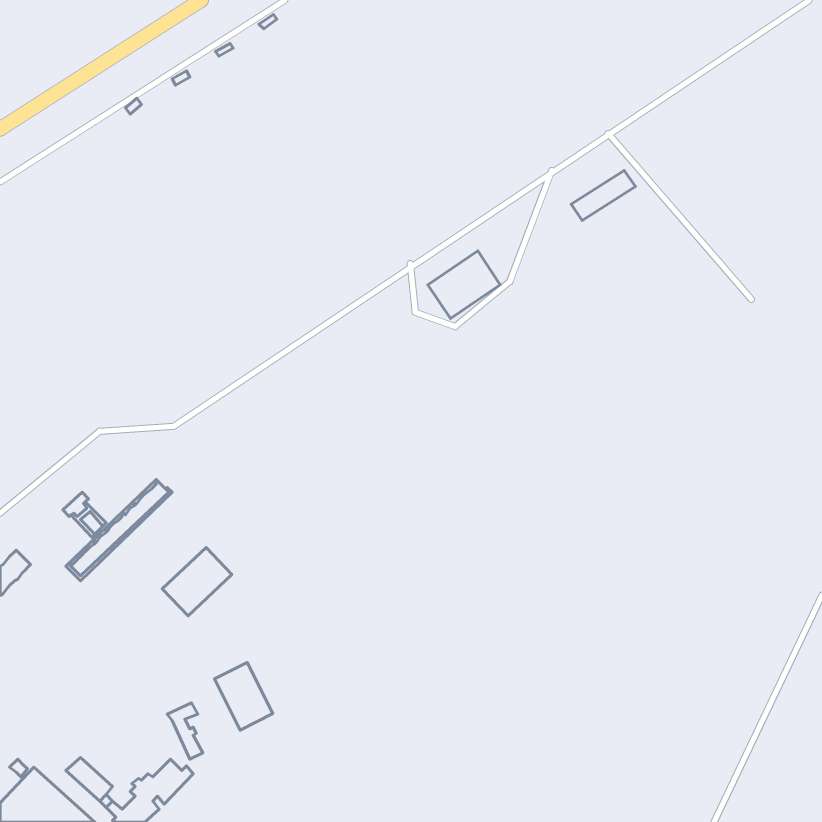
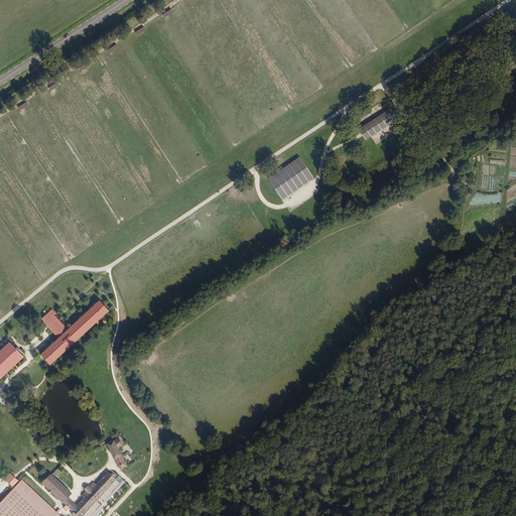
building: [162,547,232,616] -> none
building: [215,662,273,730] -> none

